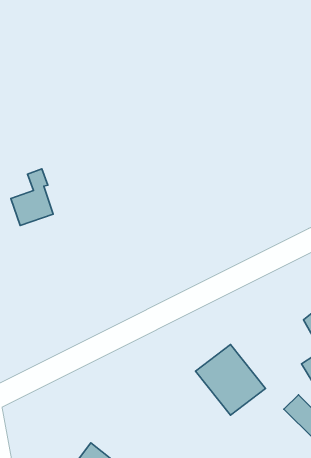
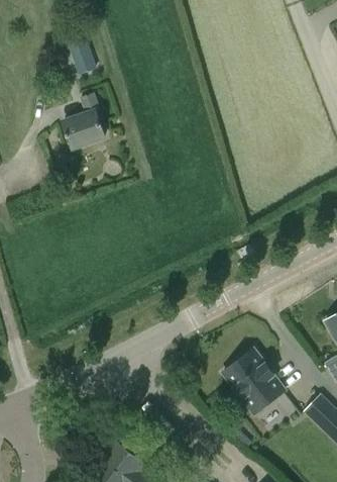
building: none -> [69,38,96,75]
building: [11,169,53,225] -> [64,93,105,149]

